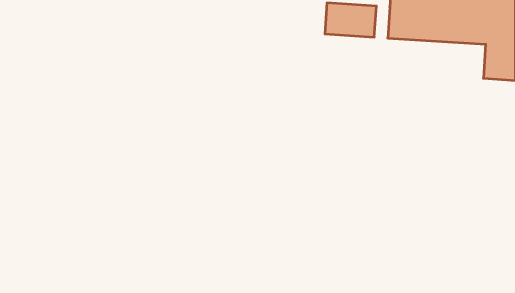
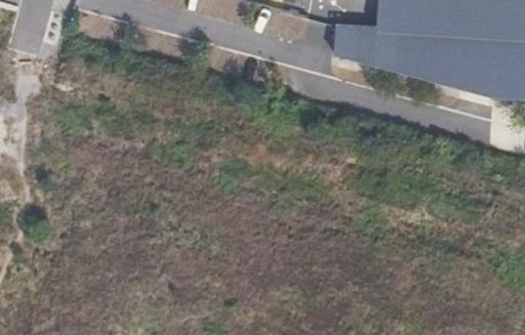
building: none -> [334,26,494,97]

